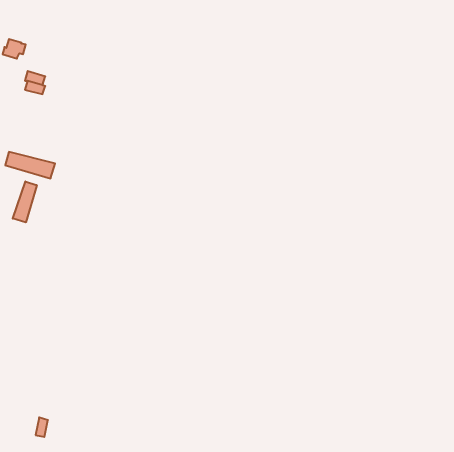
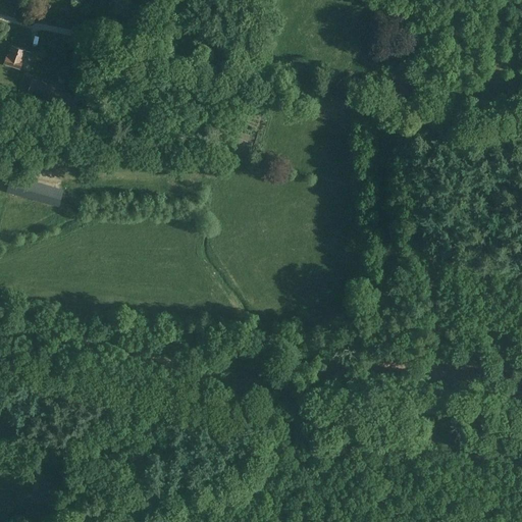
building: [13,181,37,222] -> none

